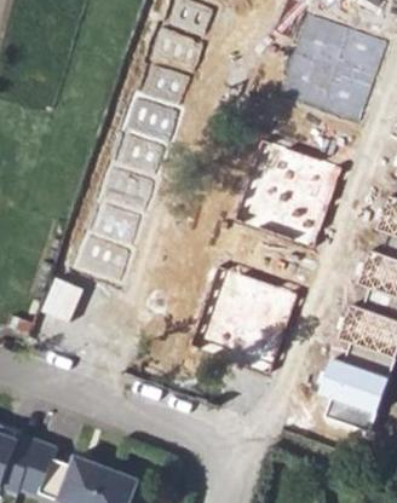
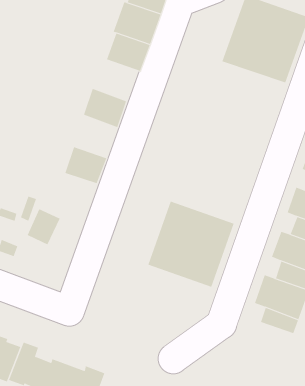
building: [121,92,180,145] -> none
building: [231,138,340,247] -> none
building: [96,161,156,215] -> none
building: [74,232,133,283] -> none

